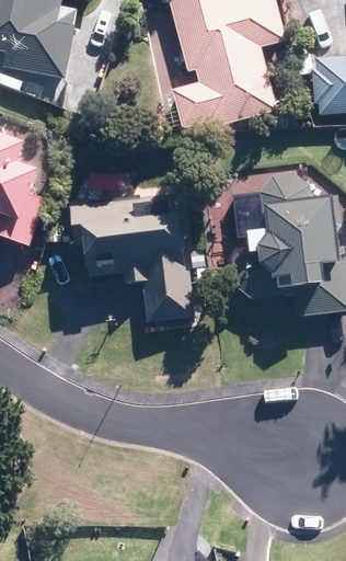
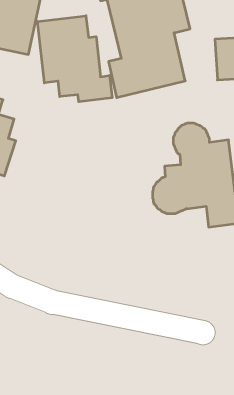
building: none -> [37,16,112,102]
building: [72,184,192,317] -> none

